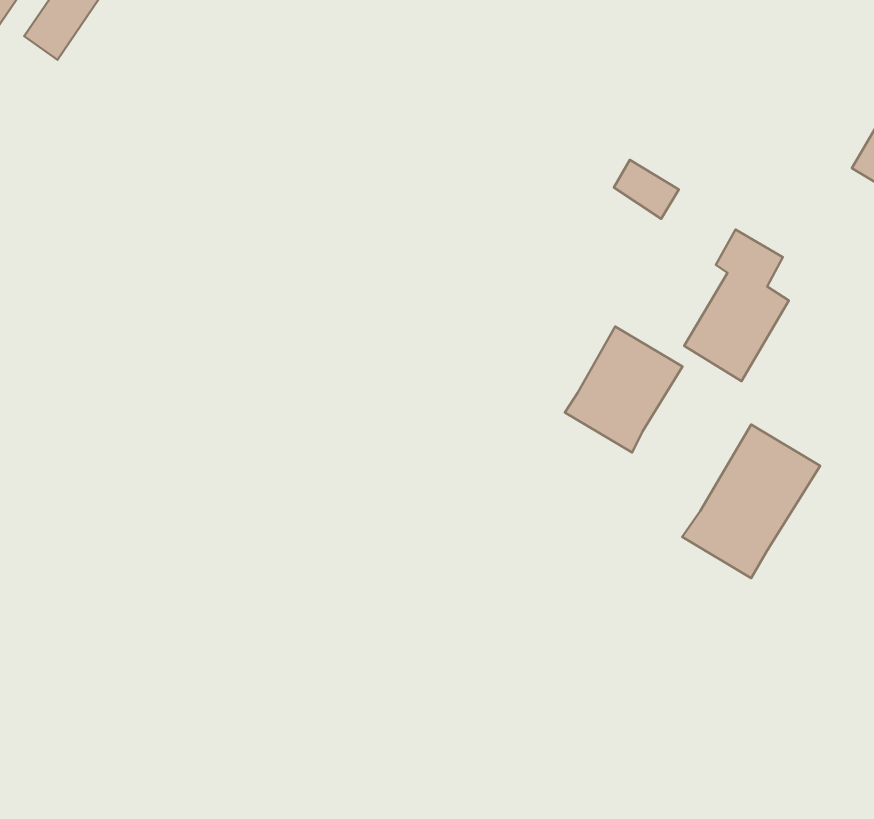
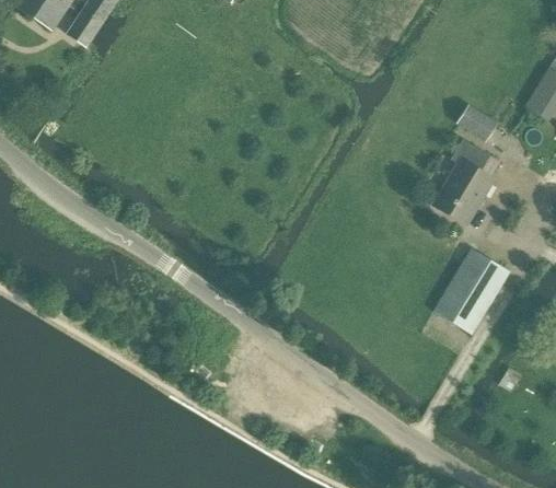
building: [614,160,679,219] -> [459,106,495,139]
building: [565,326,682,453] -> none

